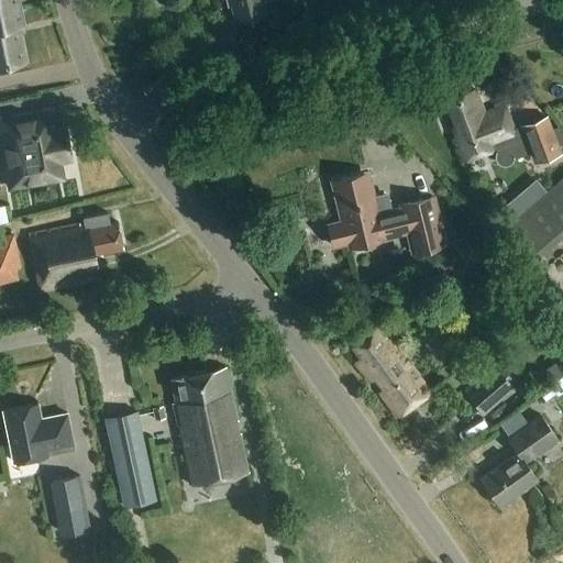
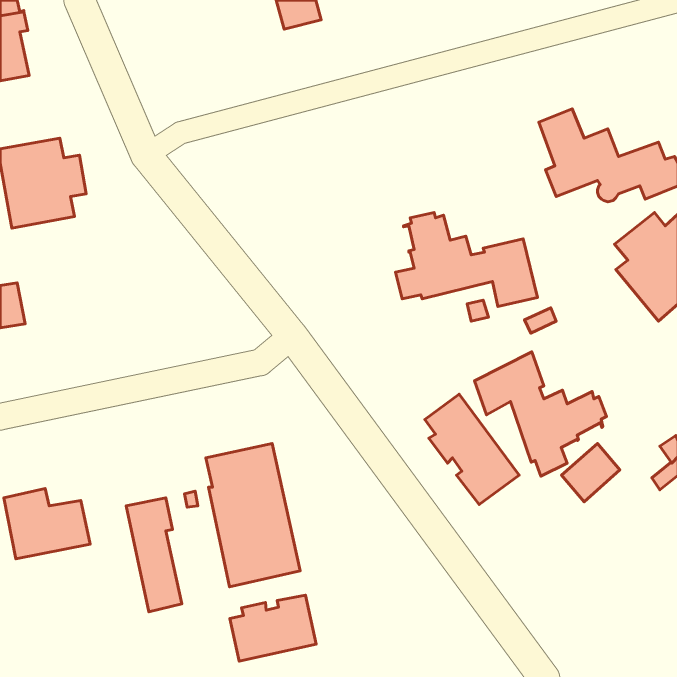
building: [30,214,124,294] -> none
building: none -> [474,352,606,476]
building: [482,418,558,509] -> none
building: [54,477,91,536] -> none
building: none -> [230,595,316,661]

